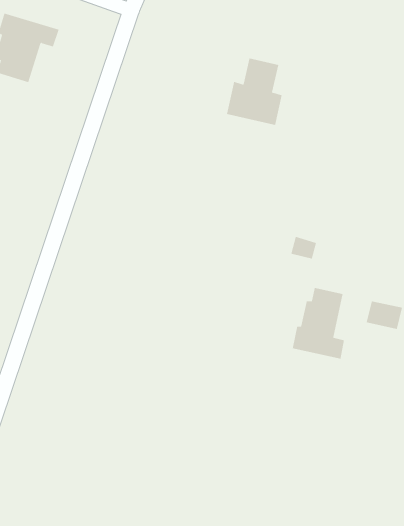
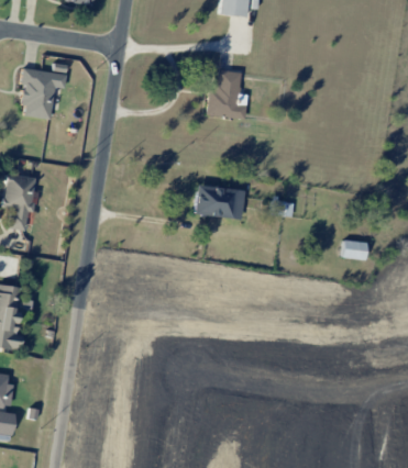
building: none -> [194,185,244,218]
building: [292,287,345,360] -> none

